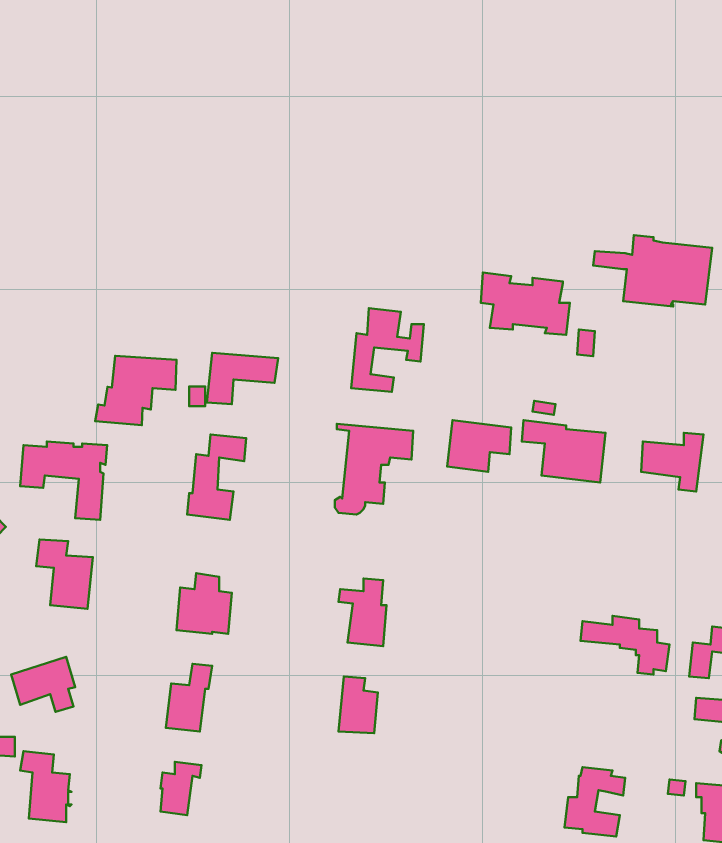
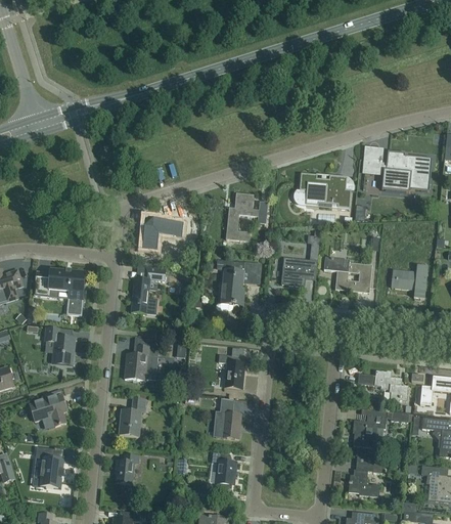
building: [95,356,176,425] -> none
building: none -> [352,407,408,447]
building: none -> [212,451,235,488]

